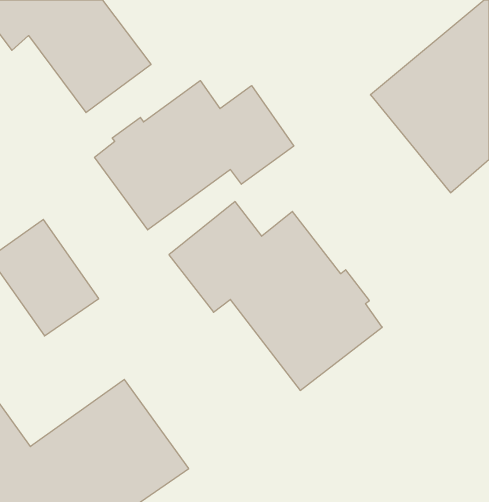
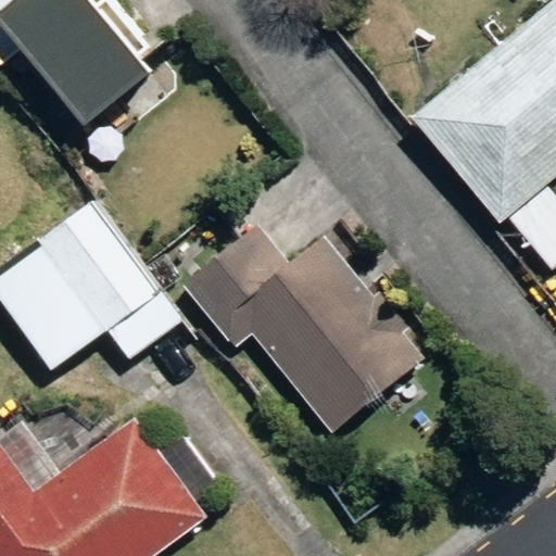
building: [95,81,294,230] -> none
building: none -> [48,203,167,331]

